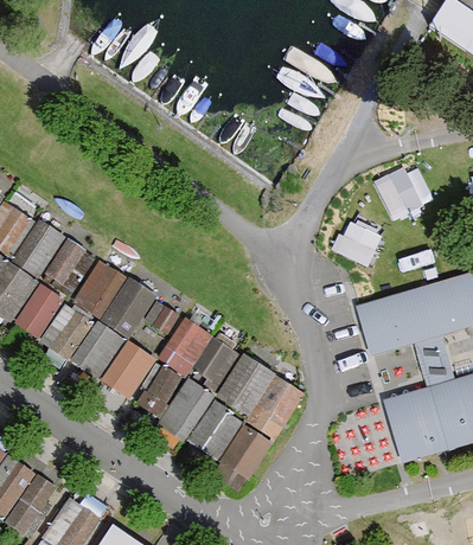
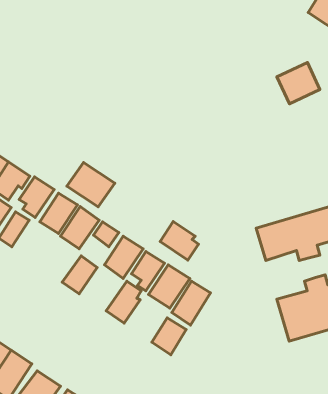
building: [376,160,433,214] -> [277,62,320,104]
building: [337,211,386,263] -> none
building: none -> [67,163,115,207]
building: none -> [160,222,199,260]
building: [41,308,90,358] -> none
building: [72,326,122,378] -> none
building: [138,365,178,417] -> none
building: [188,405,244,461] -> none

